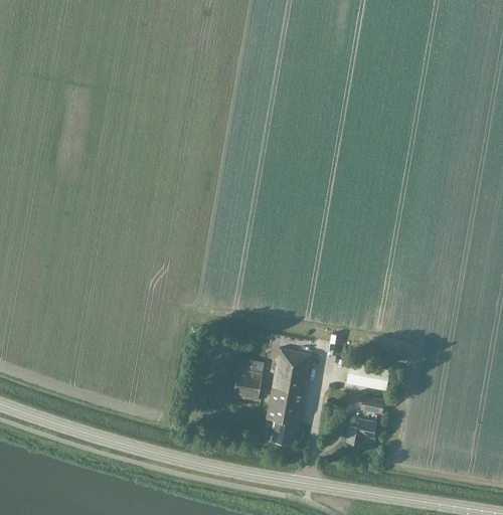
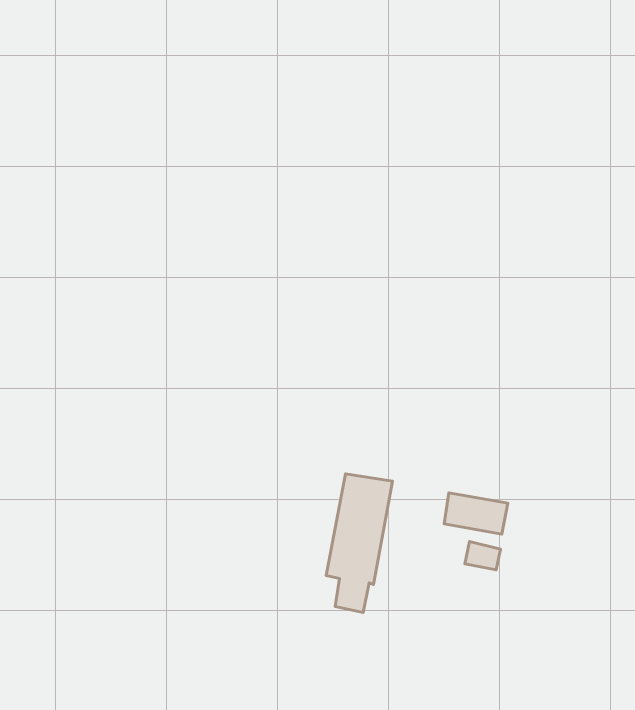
building: [233,371,261,402] -> none
building: [346,420,375,446] -> none

